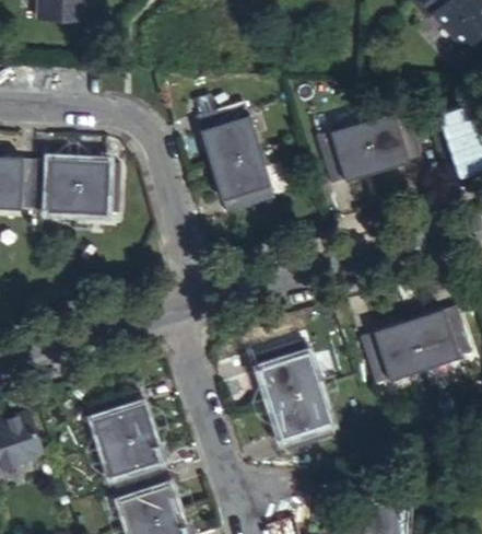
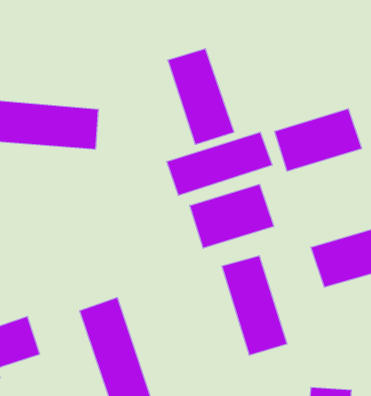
building: [321,112,422,184] -> [275,109,362,171]
building: none -> [167,132,272,196]
building: none -> [190,184,274,248]

